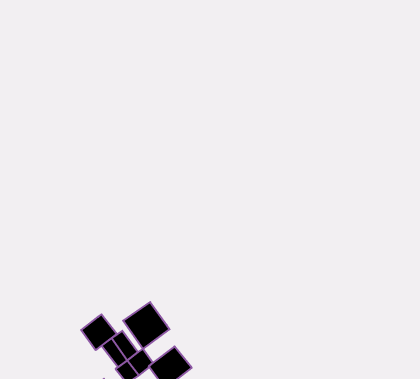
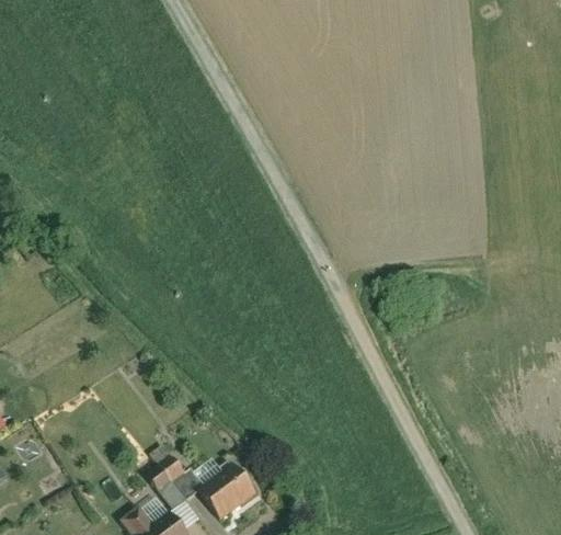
building: [123,302,170,349] -> none
building: [81,314,117,350] -> none

